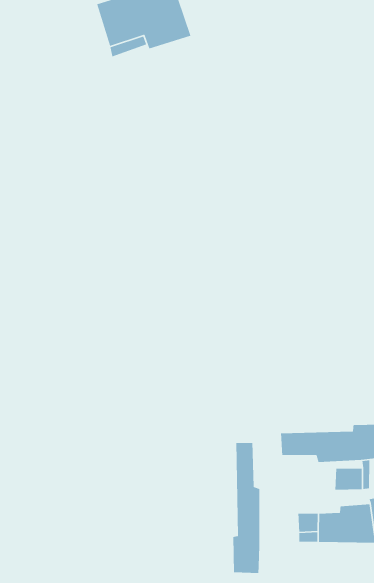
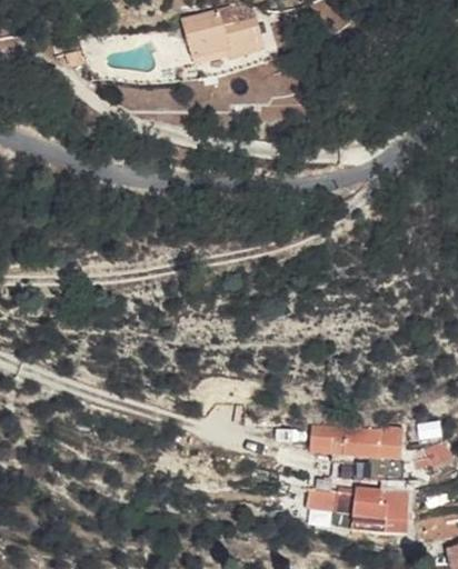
building: [232,442,260,574] -> none

